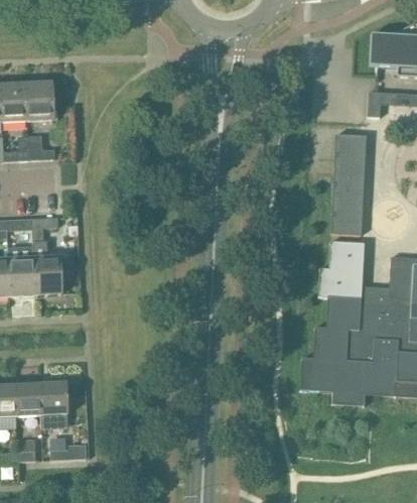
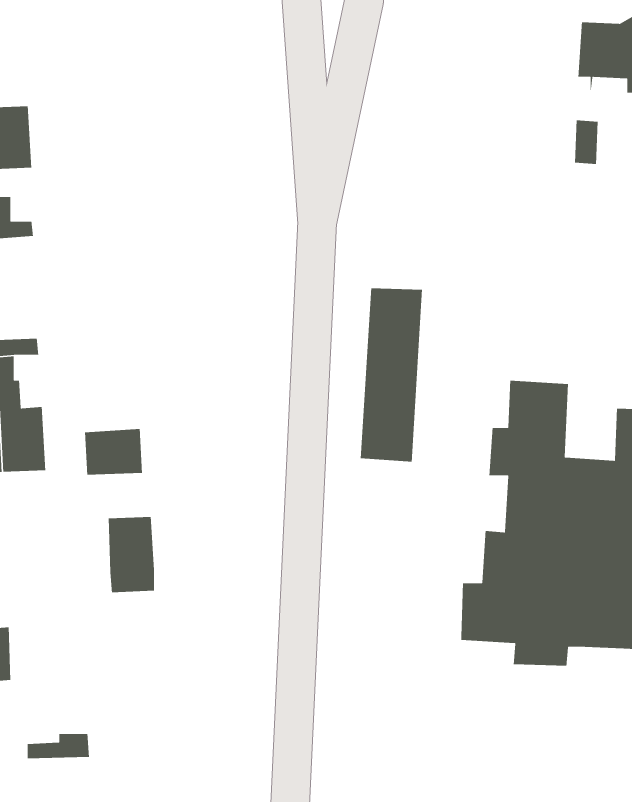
building: [329,133,366,234] -> [360,288,423,462]
building: none -> [84,428,143,475]
building: [41,381,68,425] -> [108,516,155,593]

